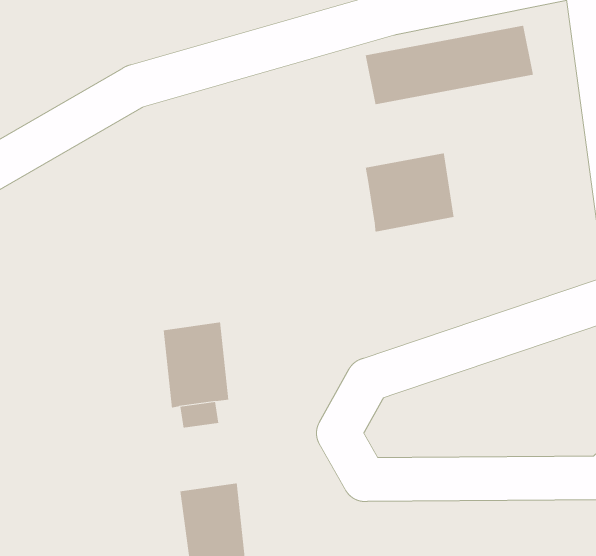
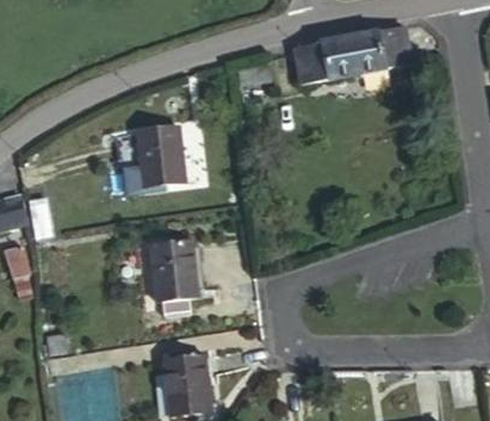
building: [365,153,454,232] -> none
building: none -> [137,126,185,187]

